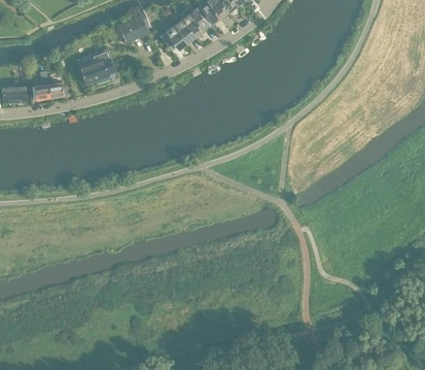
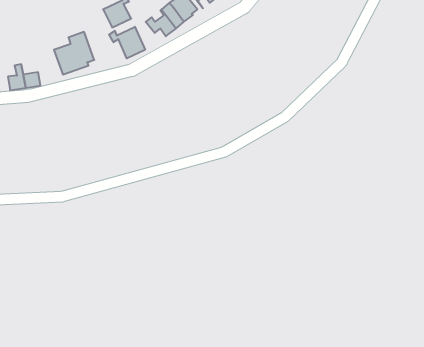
building: none -> [109,27,145,58]

